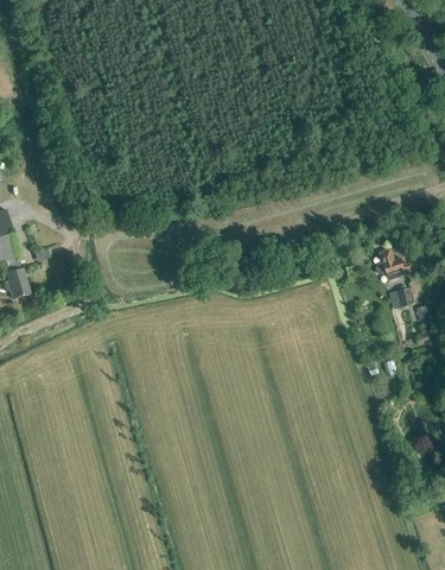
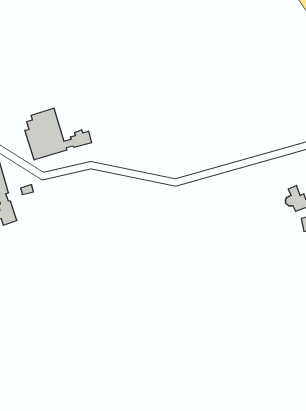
building: none -> [25,108,91,160]

